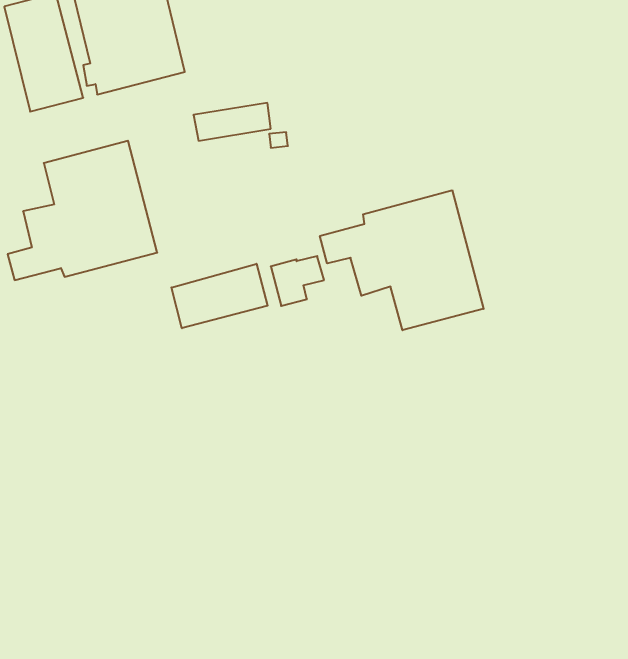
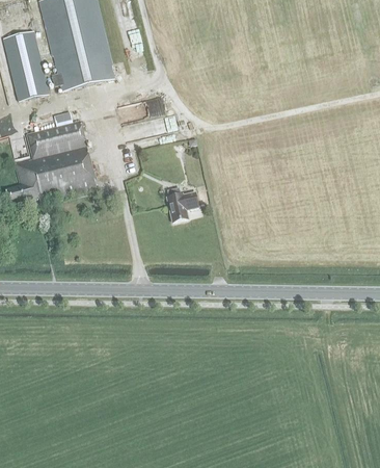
building: [320,190,484,330] -> none
building: [171,264,268,328] -> none

